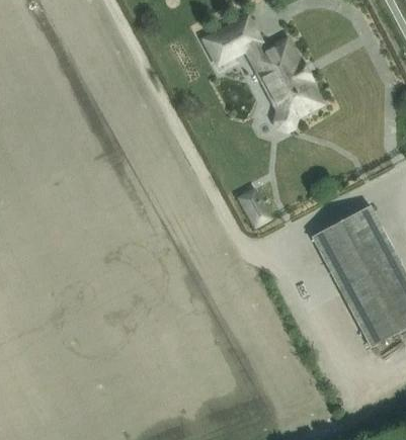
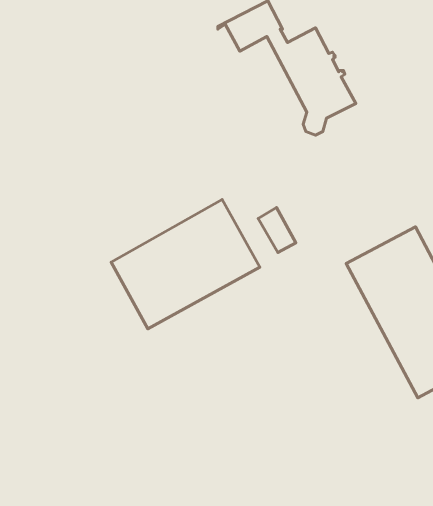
building: none -> [111,200,260,329]

